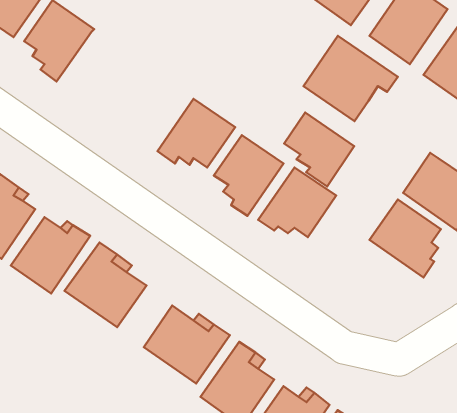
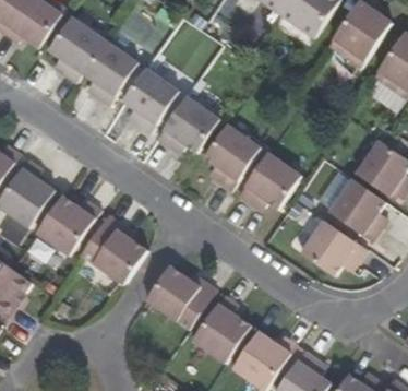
building: none -> [80,43,135,107]
building: [304,36,398,121] -> none
building: none -> [121,71,177,137]
building: [284,112,354,186] -> none
building: none -> [300,221,367,277]

